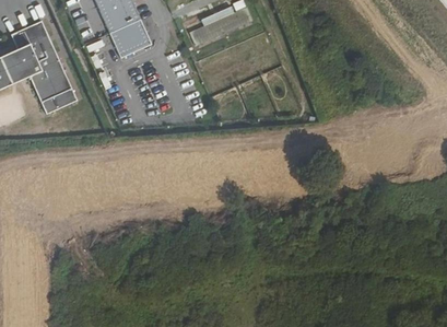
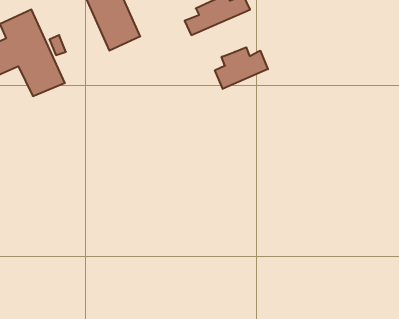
building: none -> [215,47,268,89]

